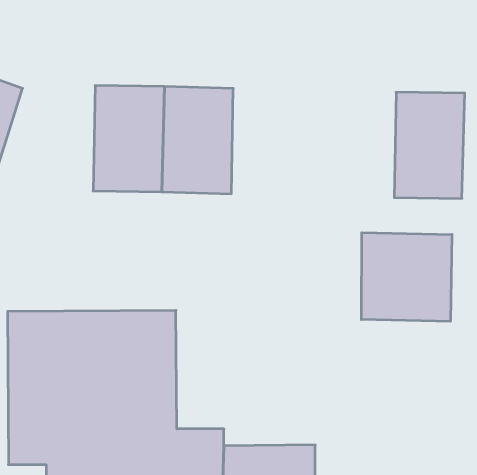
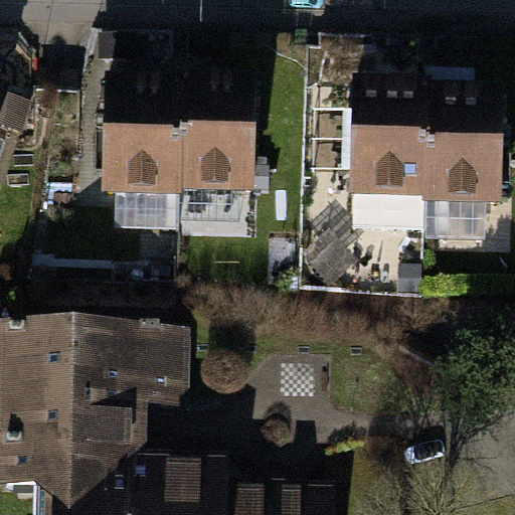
building: none -> [348,103,423,217]
building: [361,233,452,321] -> none

